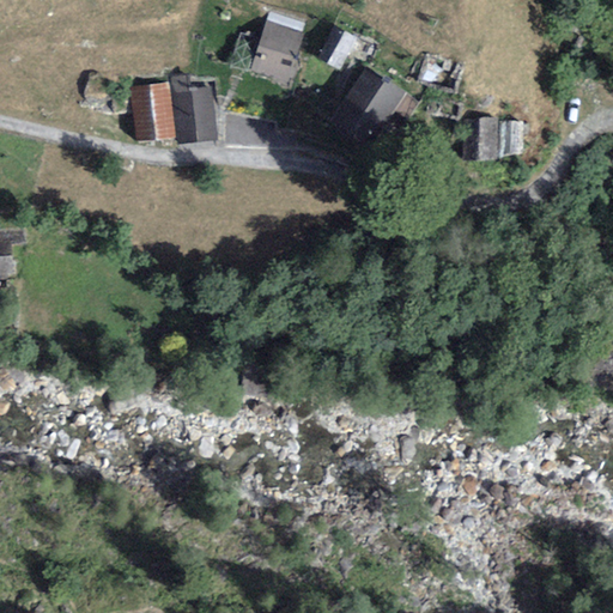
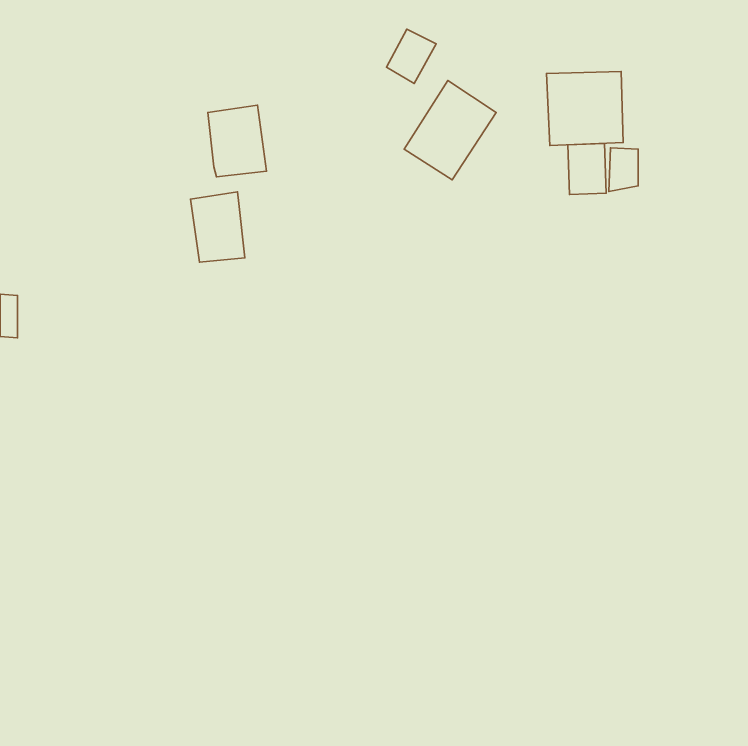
building: [250,19,303,80] -> none
building: none -> [547,71,623,146]
building: [131,83,175,140] -> [191,192,245,262]

